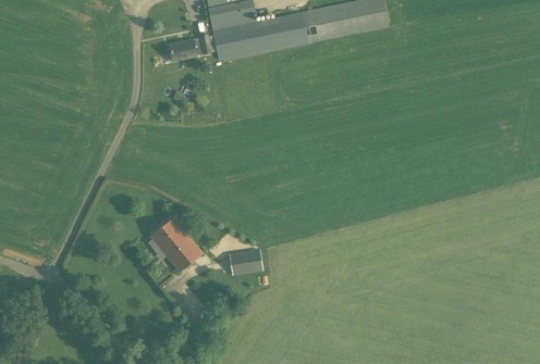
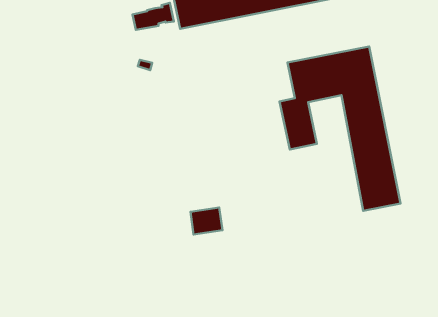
building: none -> [280,46,401,211]
building: [150,217,201,272] -> none

